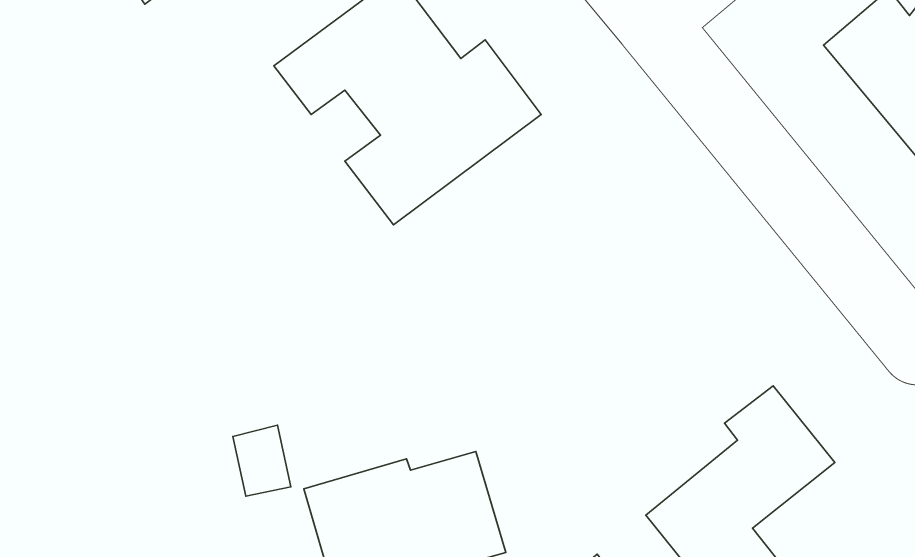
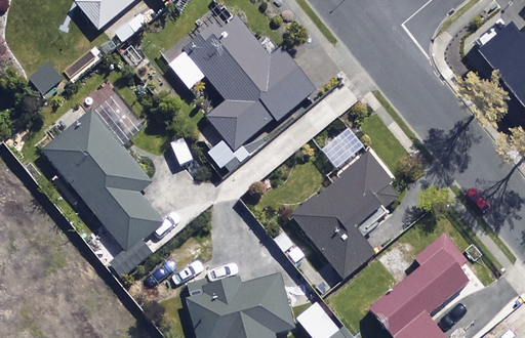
building: none -> [44,111,161,250]
building: none -> [293,154,402,279]

